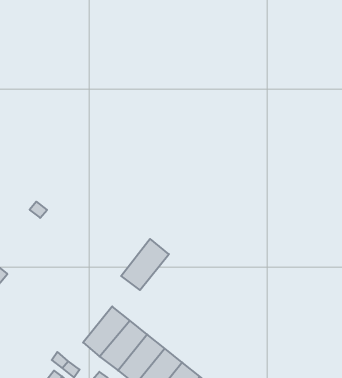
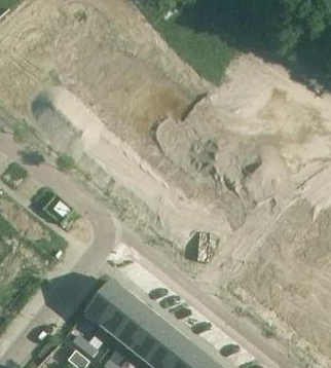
building: [121,239,169,290] -> [85,281,127,326]

